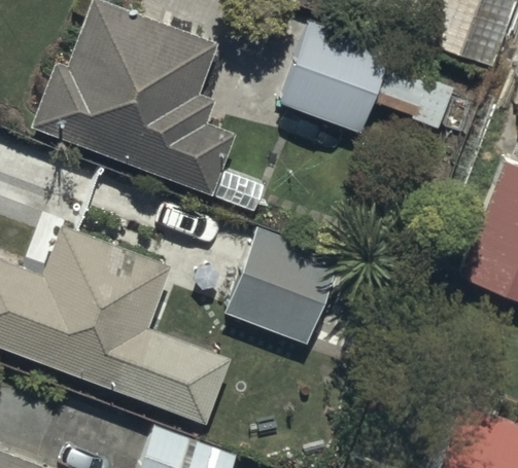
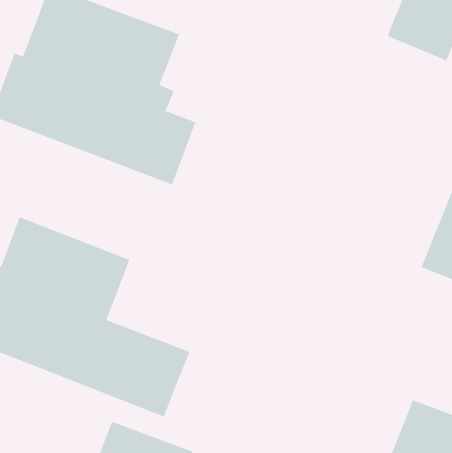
building: [276,19,455,135] -> none
building: [227,226,374,340] -> none

